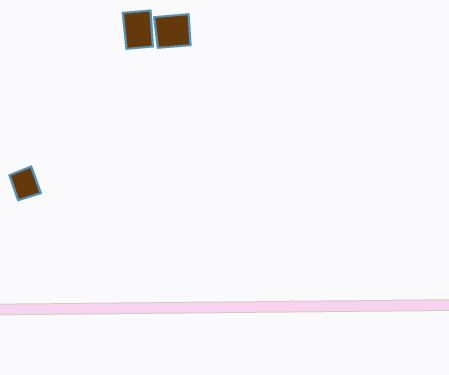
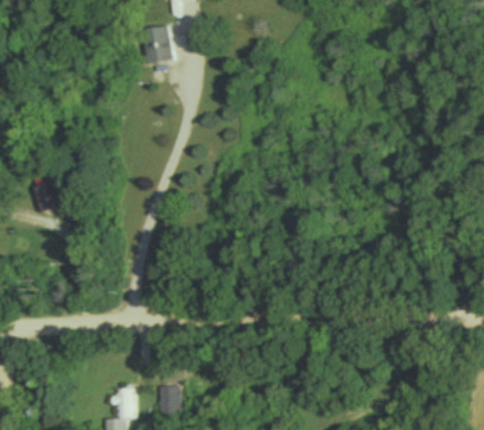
building: [154,14,191,48] -> none

